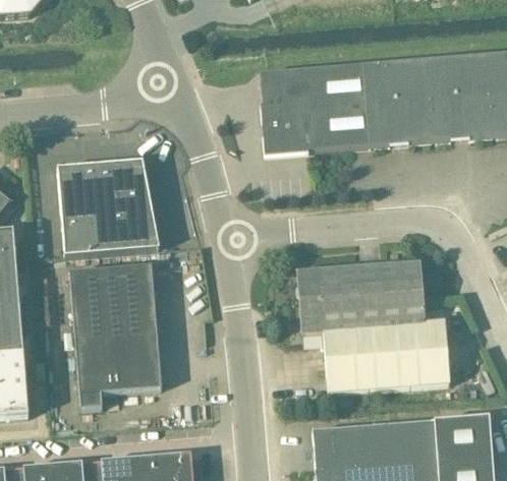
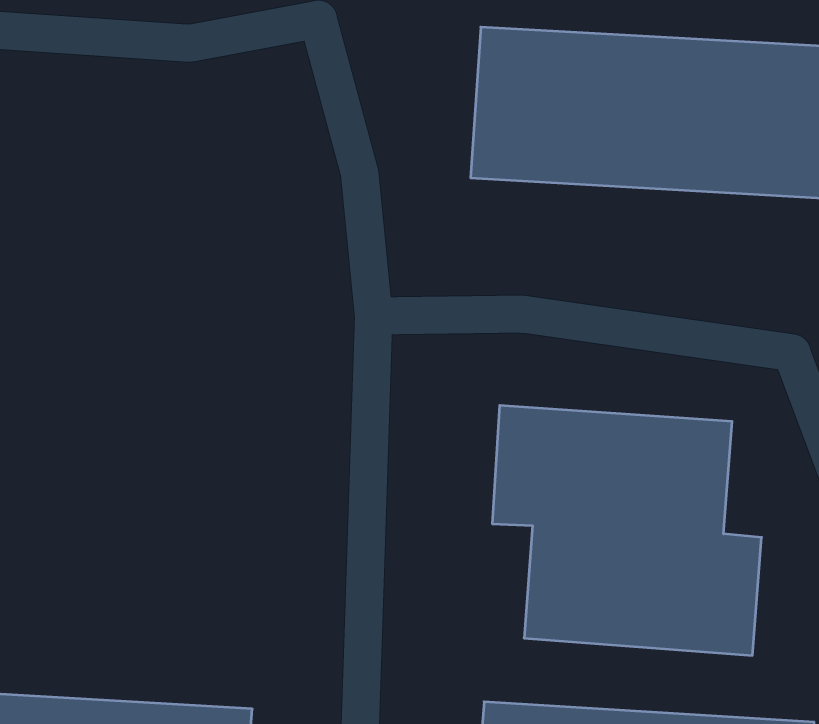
building: [57,159,159,255] -> none
building: [69,264,162,408] -> none

